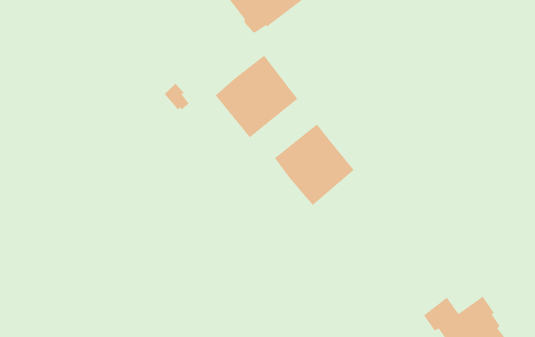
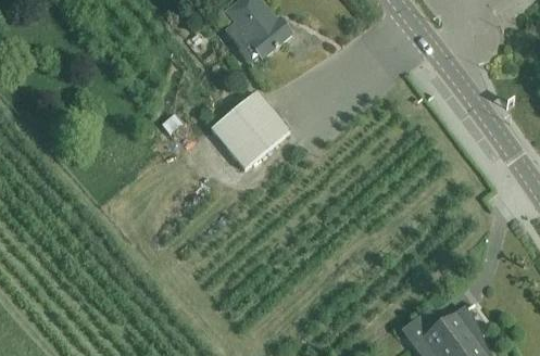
building: [274,123,354,206] -> none

